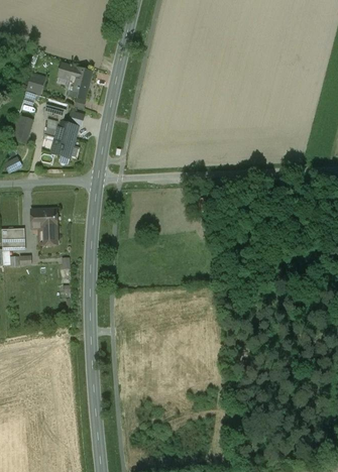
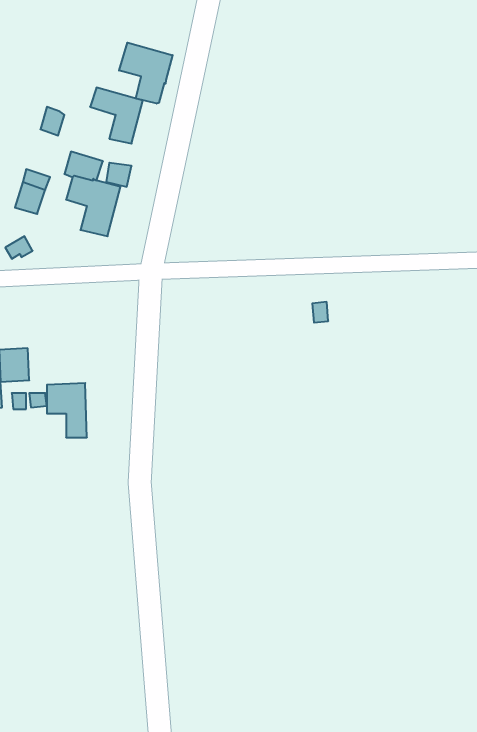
building: none -> [119,43,173,104]
building: [32,209,58,243] -> [47,383,87,437]

